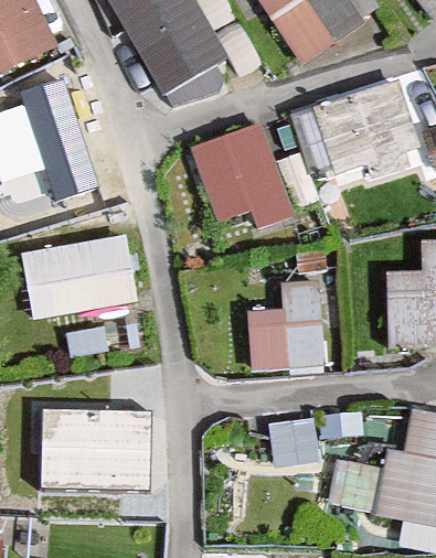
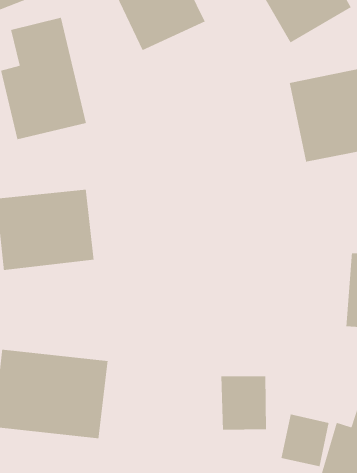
building: [187,121,284,229] -> none
building: [238,279,321,372] -> none

